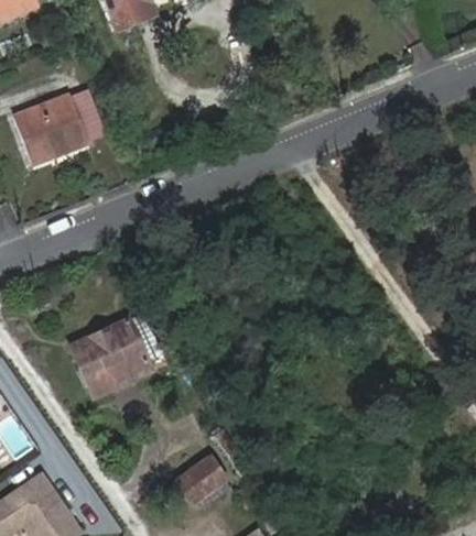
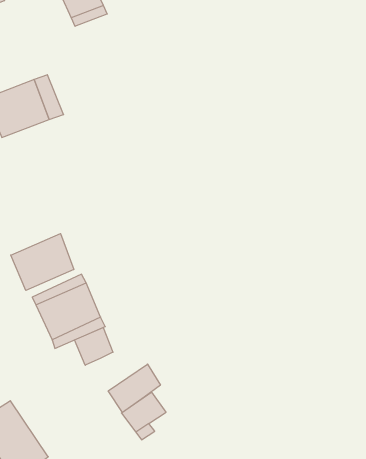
building: none -> [11,234,74,290]
building: none -> [75,328,113,365]
building: none -> [108,364,160,412]

